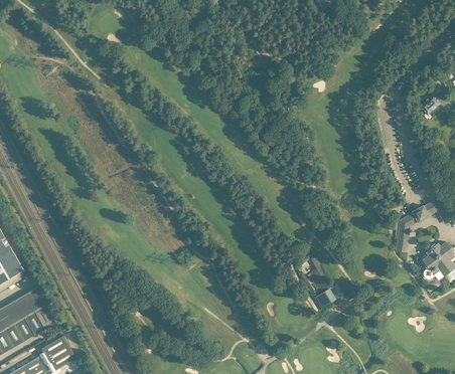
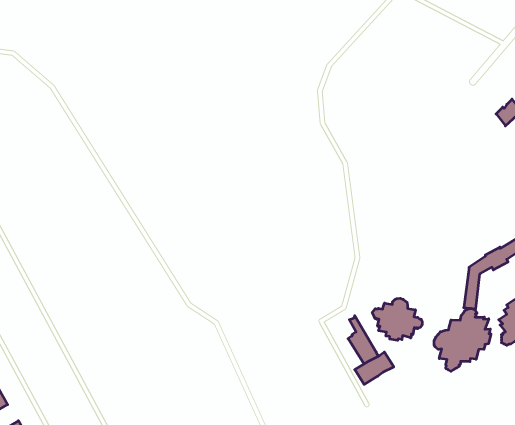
building: none -> [372,298,422,340]
building: none -> [434,308,491,371]

